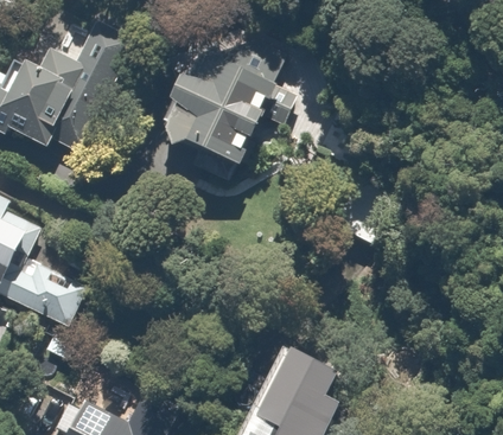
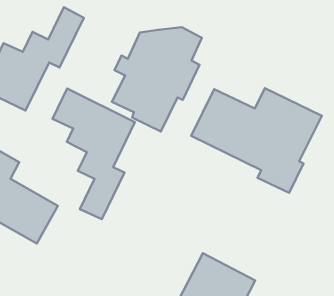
building: none -> [191,88,322,193]
building: none -> [53,89,135,219]

